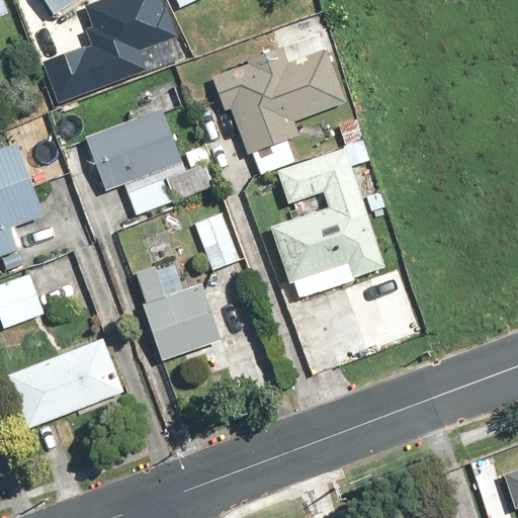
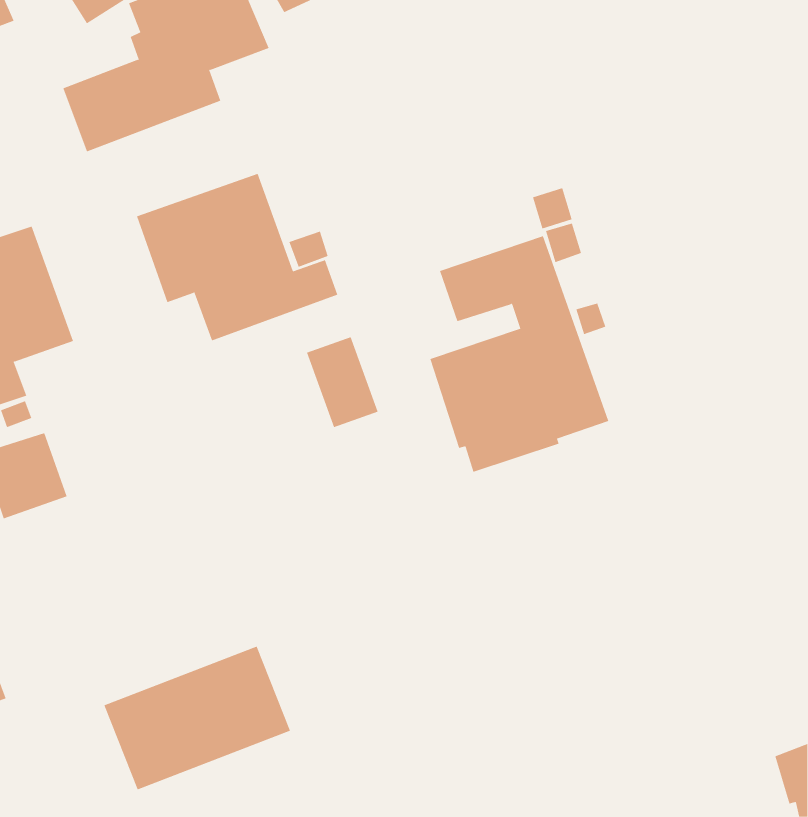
building: [211,47,345,174] -> none
building: [136,266,223,360] -> none
building: [6,338,124,429] -> [103,646,291,790]

